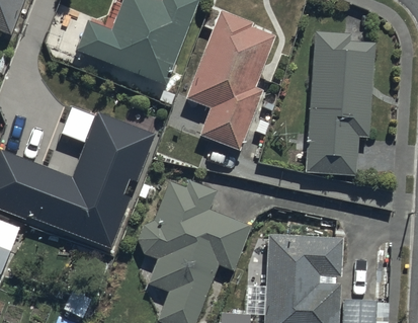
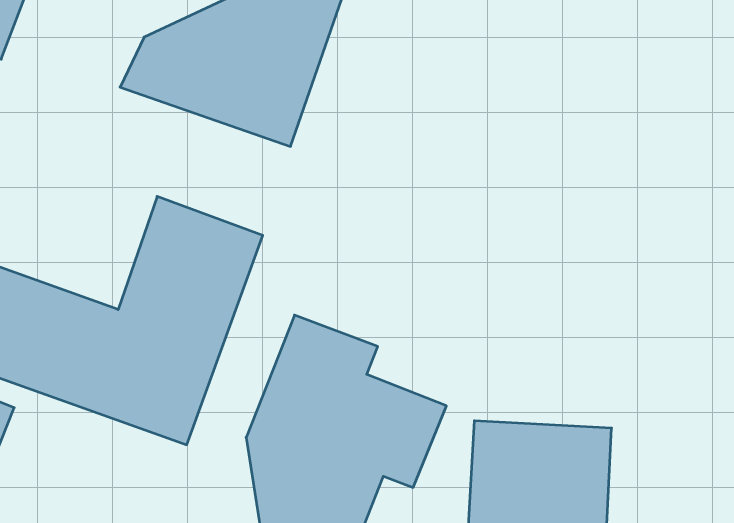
building: [187,10,287,153] -> none
building: [307,28,371,175] -> none

